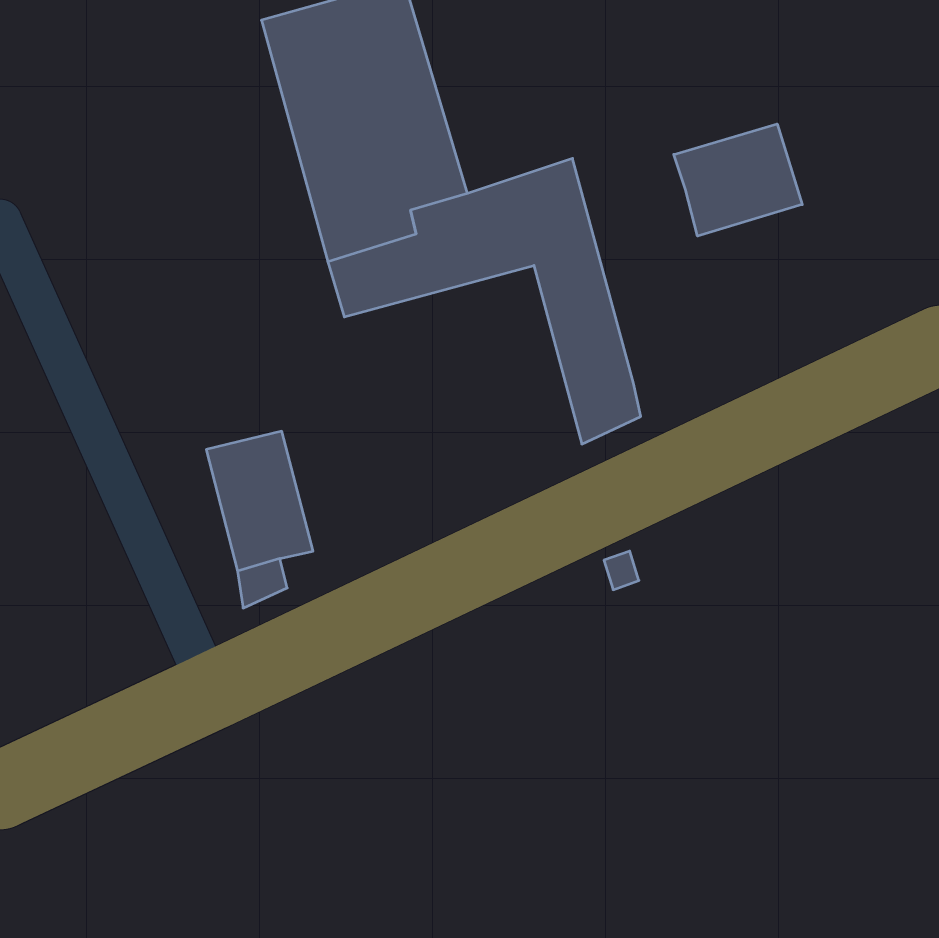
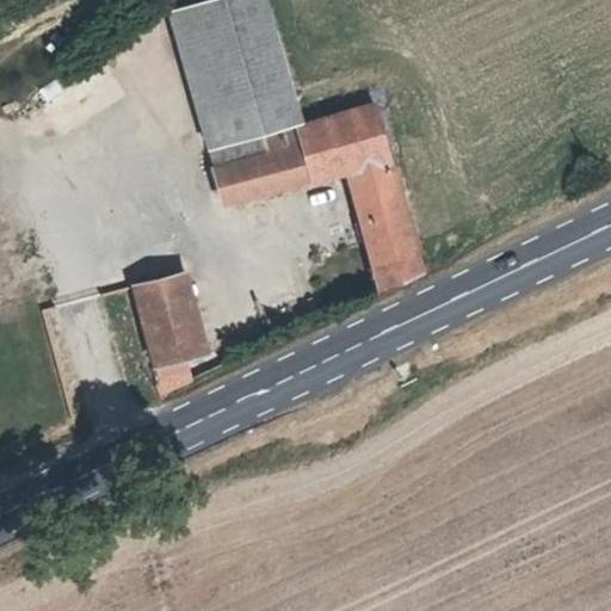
building: [674,124,802,236] -> none

